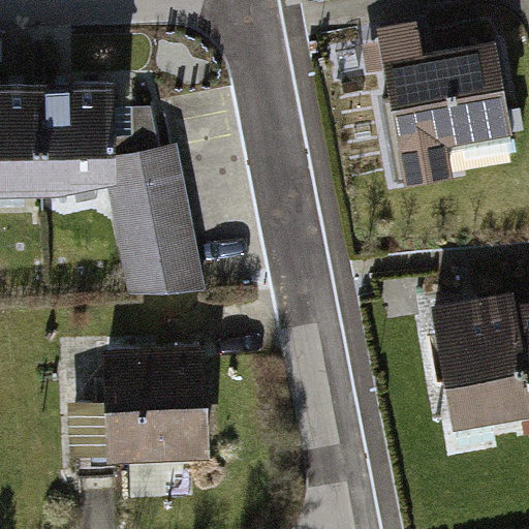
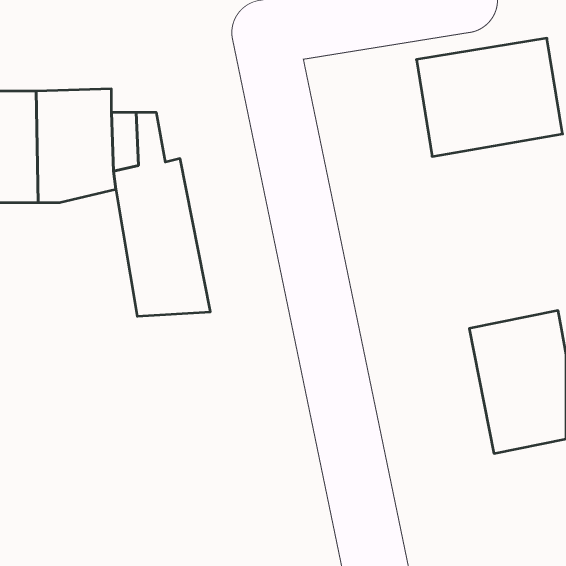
building: [70,347,213,466] -> none

